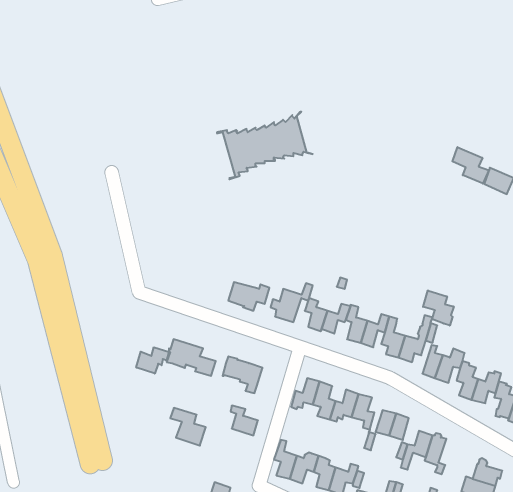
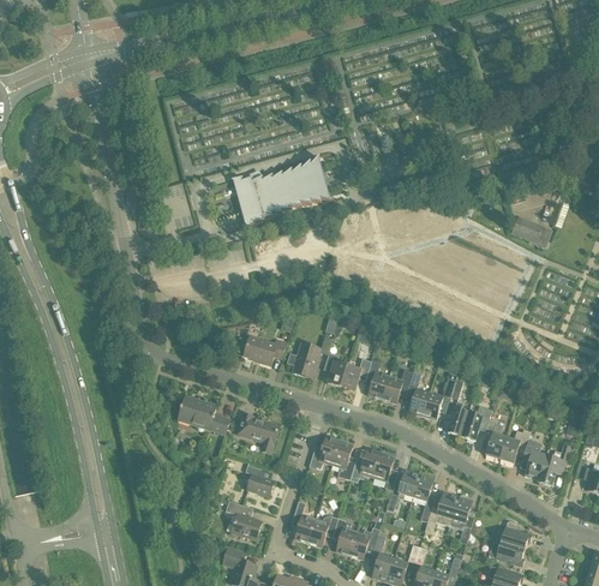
building: [452,147,489,184] -> none
building: [423,290,454,326] -> none
building: [136,347,169,374] -> none
building: [170,408,206,446] -> [224,500,262,539]

